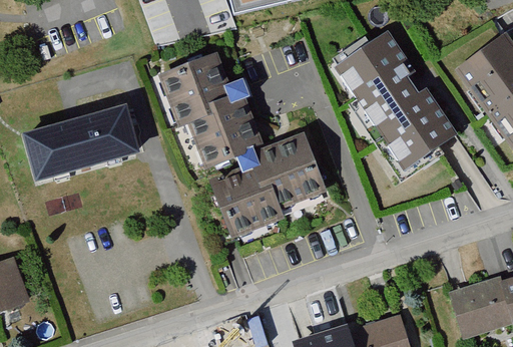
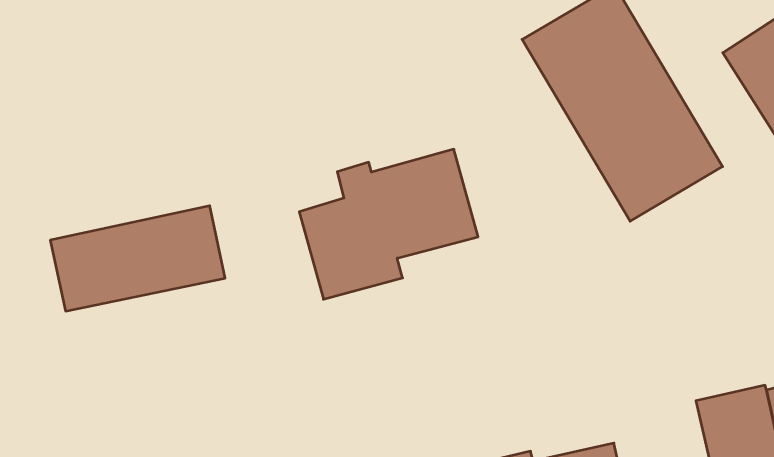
building: [152,55,254,166] -> none
building: [29,107,138,178] -> [50,206,225,311]

